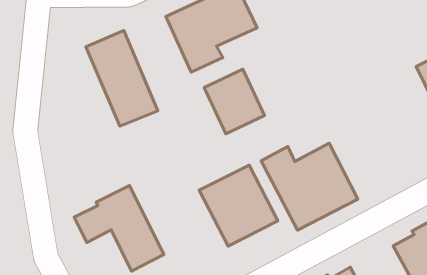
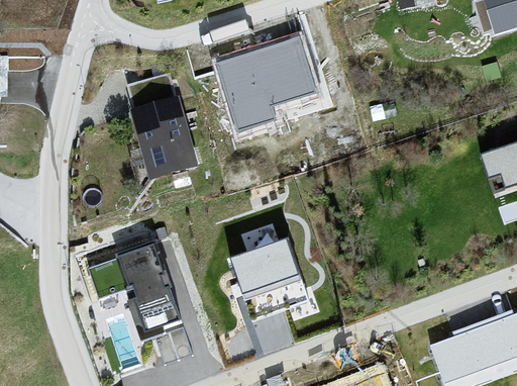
building: [204,69,264,134] -> none
building: [261,143,358,230] -> none

